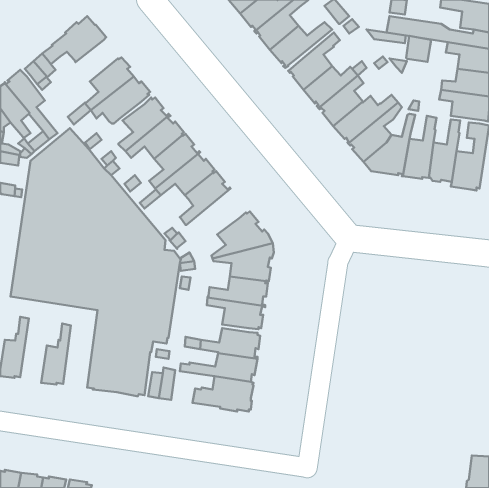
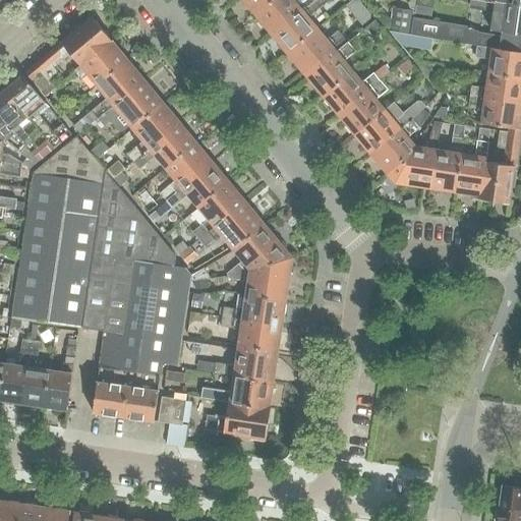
building: [406,36,431,62] -> [389,7,415,35]
building: none -> [73,43,127,86]
building: none -> [198,200,260,246]
building: none -> [21,339,50,407]

